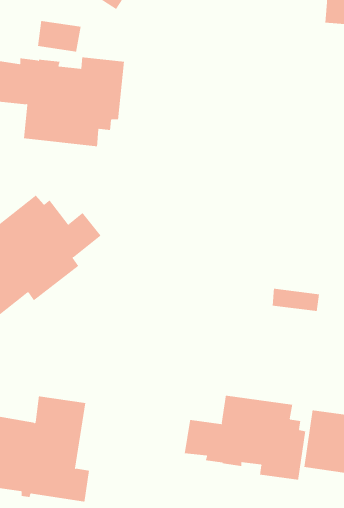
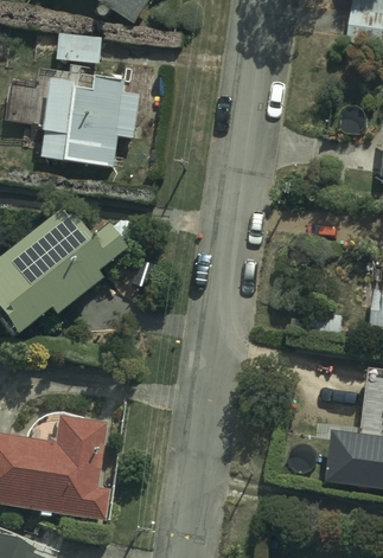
building: [184,395,306,481] -> none

